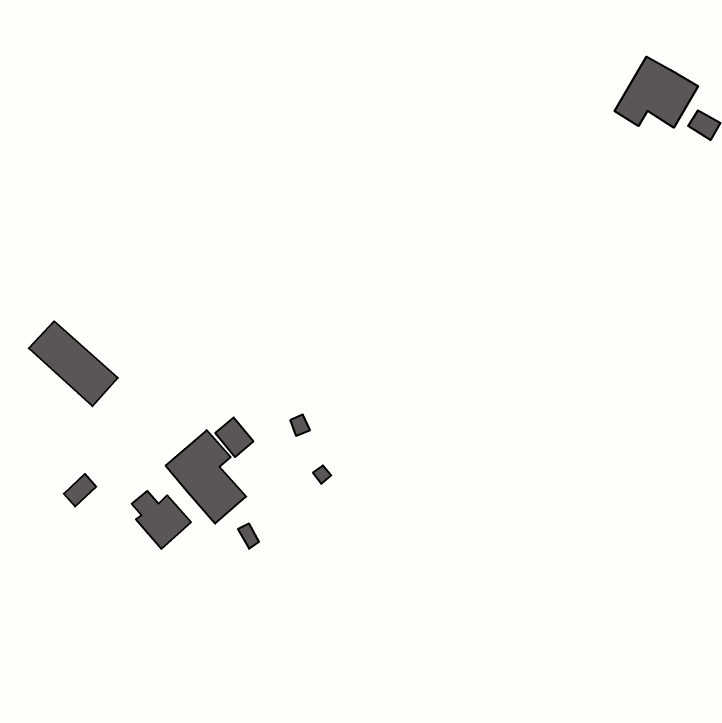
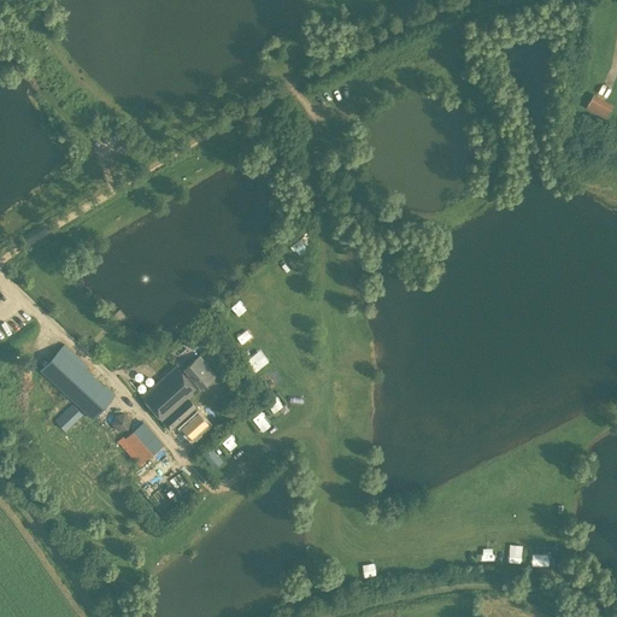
building: [615,57,698,128] -> none
building: [29,321,118,406] -> [40,347,116,419]

